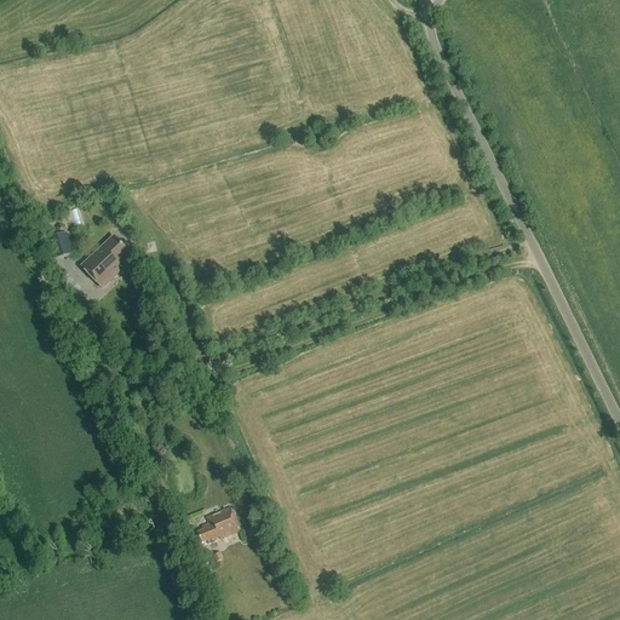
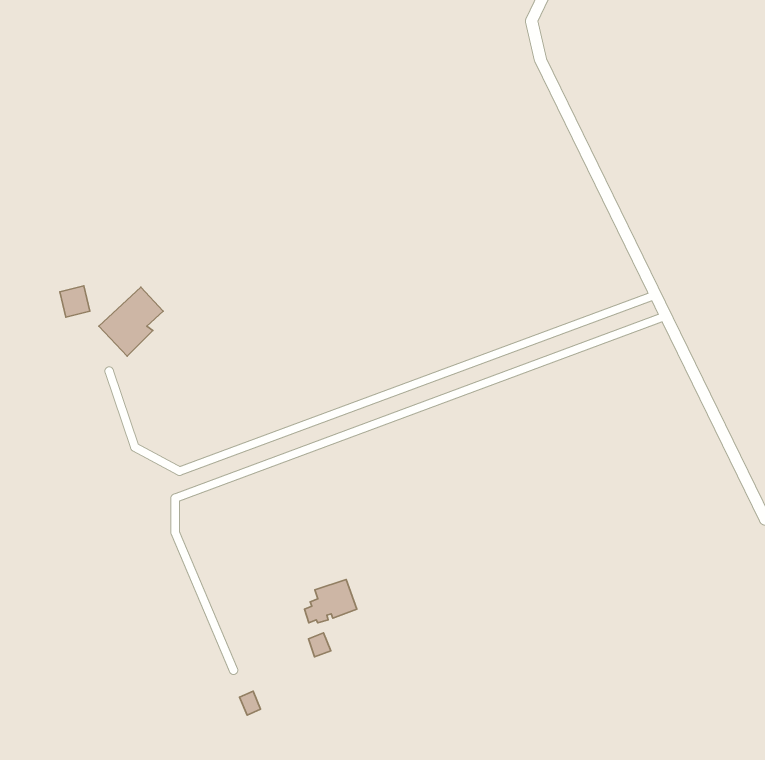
building: [197,506,240,541] -> [304,579,357,623]

